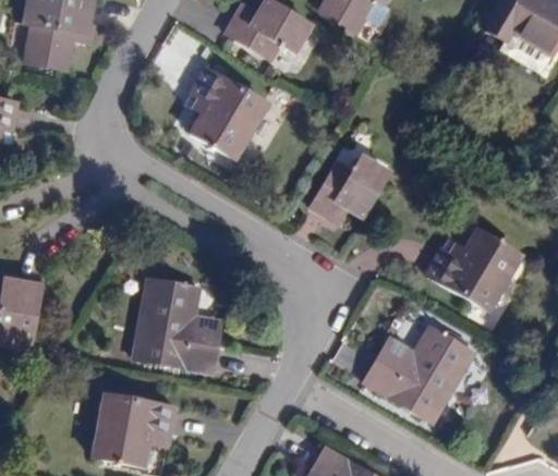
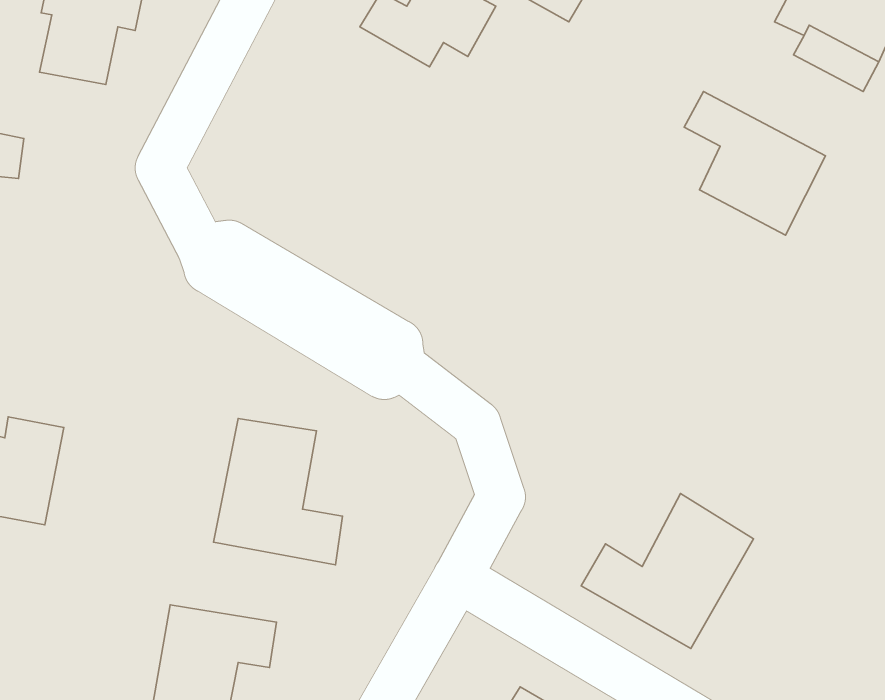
building: [191,68,266,158] -> none
building: none -> [684,92,826,235]
building: [313,156,388,217] -> none
building: [425,228,519,307] -> none

